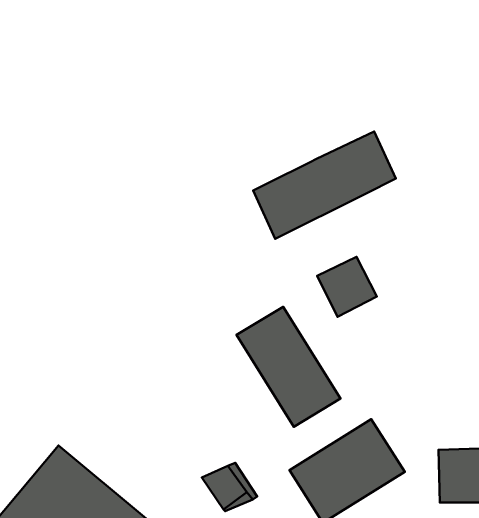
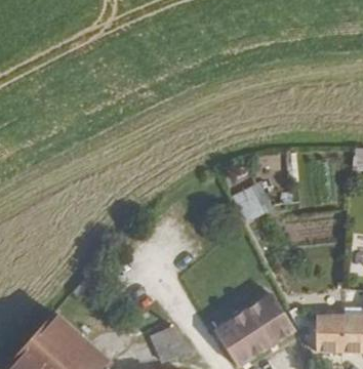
building: [253,132,396,239] -> none
building: [237,307,341,427] -> none

